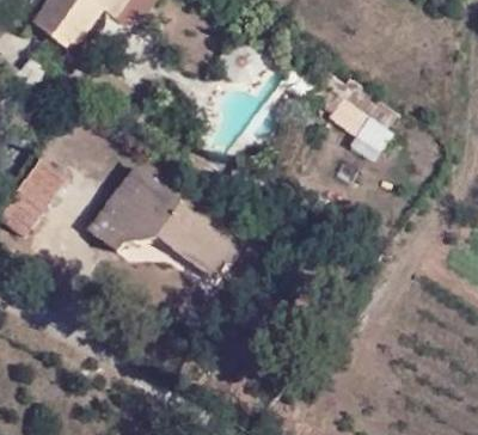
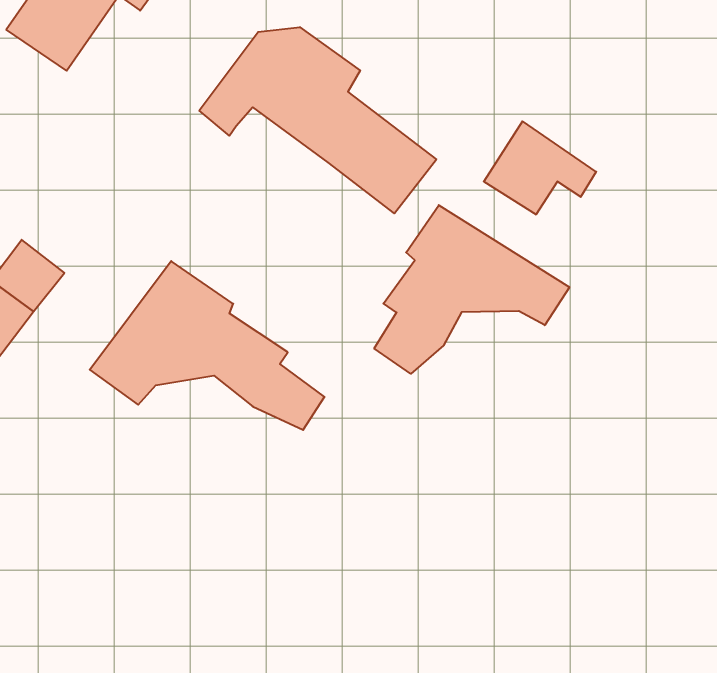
building: none -> [199,27,436,213]
building: none -> [374,205,569,374]

